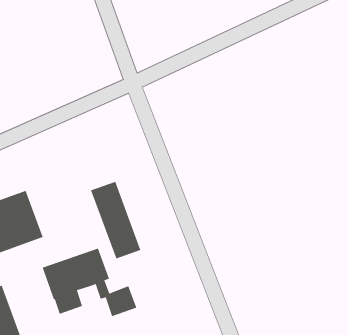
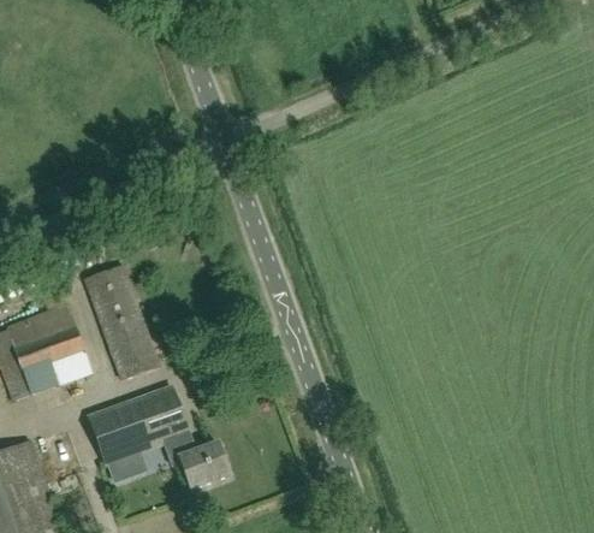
building: [90,181,141,259] -> [84,263,159,378]

